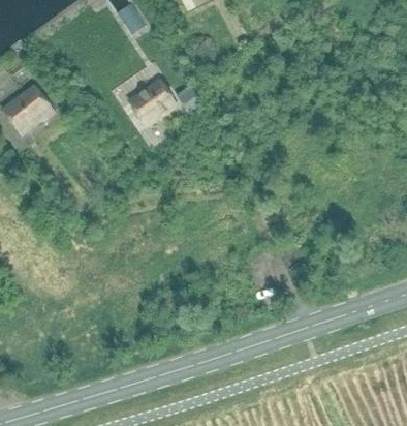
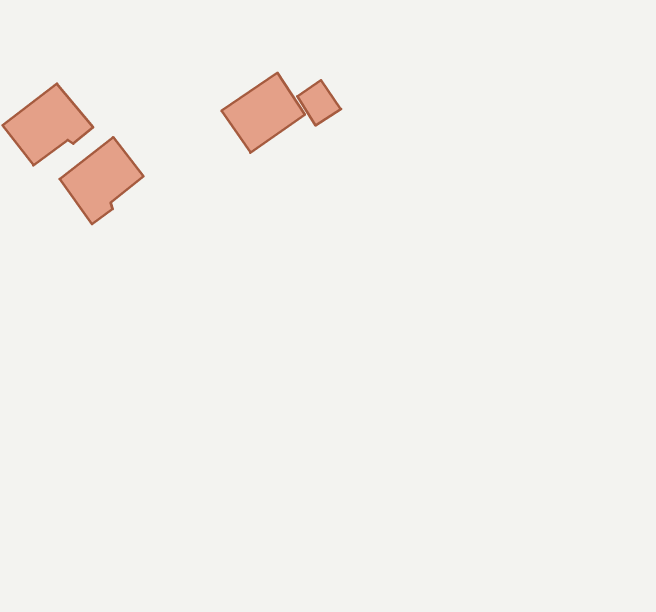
building: none -> [60,137,143,224]

